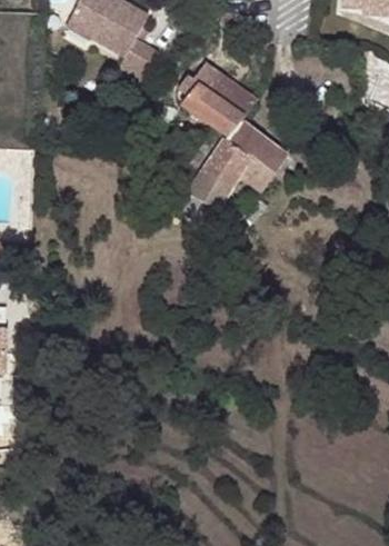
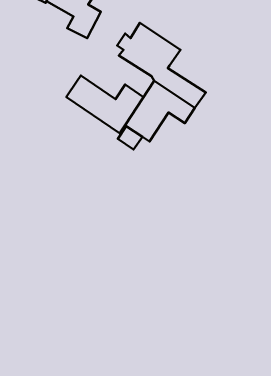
building: none -> [66,76,144,133]

